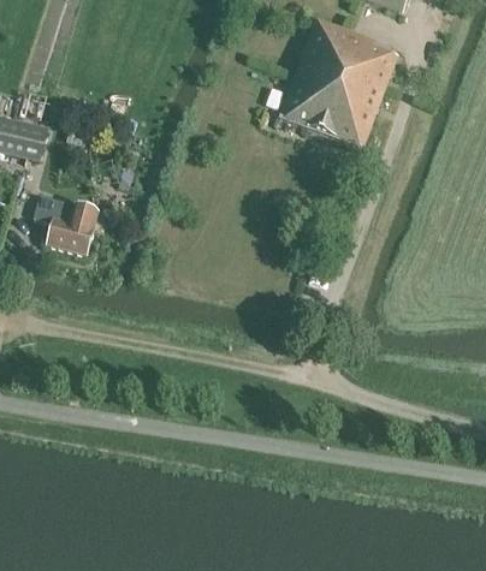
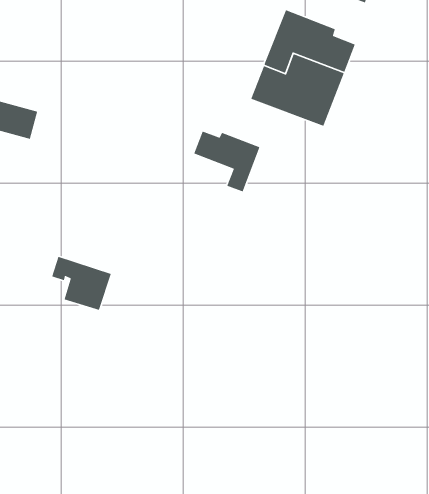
building: none -> [193,131,261,192]
building: [32,194,99,254] -> [51,256,112,311]

